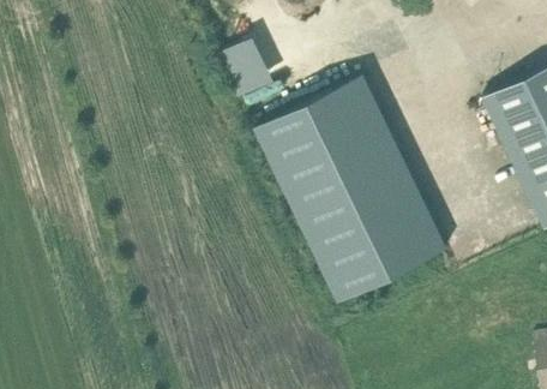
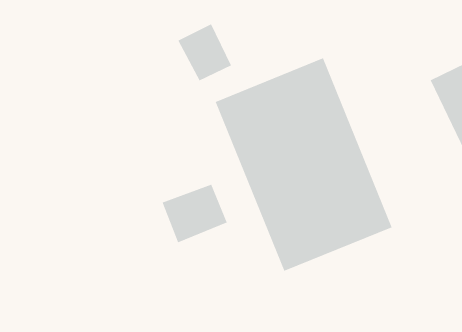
building: none -> [162,184,228,243]

